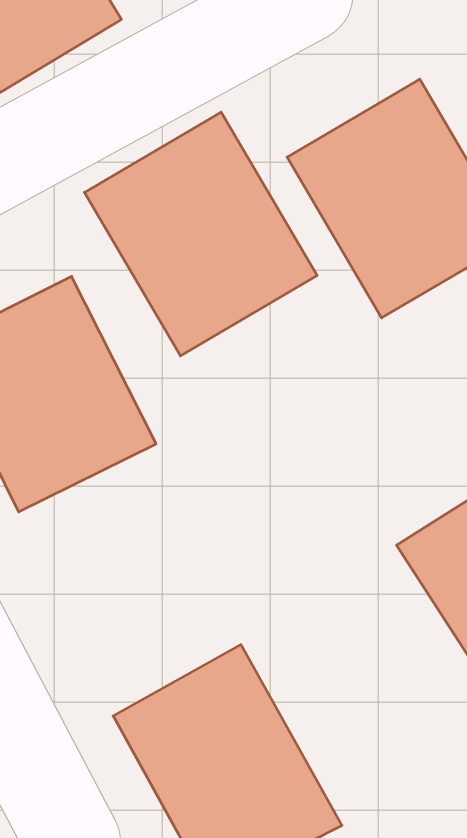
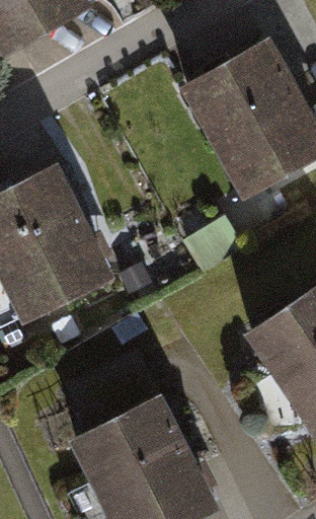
building: [84,112,317,356] -> none

